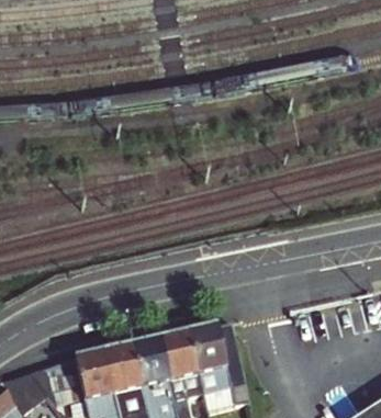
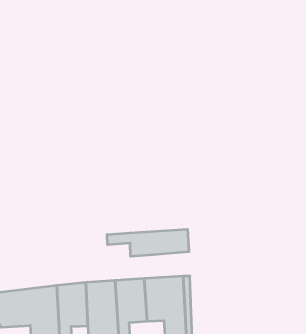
building: none -> [107,229,189,256]

